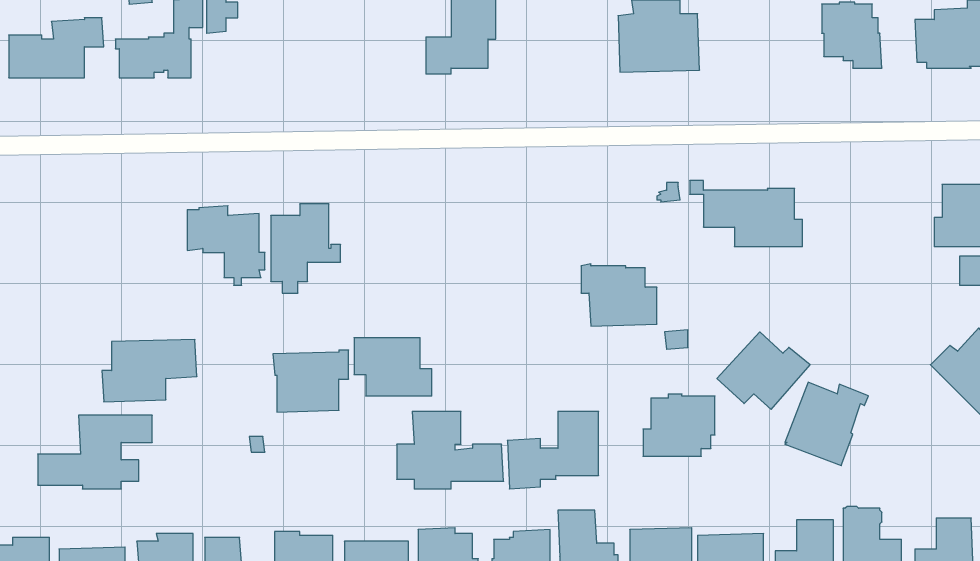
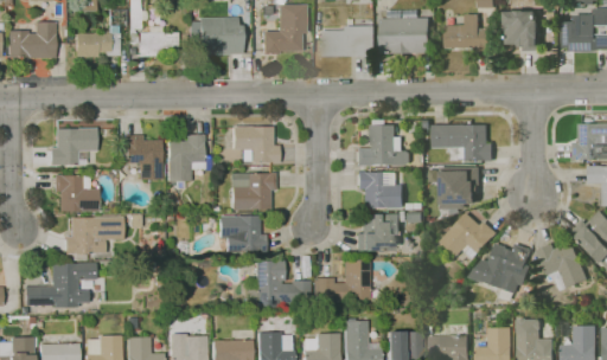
building: none -> [443,14,488,51]
building: none -> [199,17,241,56]
building: none -> [139,26,177,56]
building: none -> [320,26,373,56]
building: none -> [357,120,410,166]
building: none -> [232,127,277,162]
building: none -> [49,128,95,166]
building: none -> [440,167,480,210]
building: none -> [53,174,97,212]
building: [273,350,349,412] -> [229,172,275,210]
building: none -> [535,242,588,289]
building: [643,394,715,456] -> [356,212,400,250]

